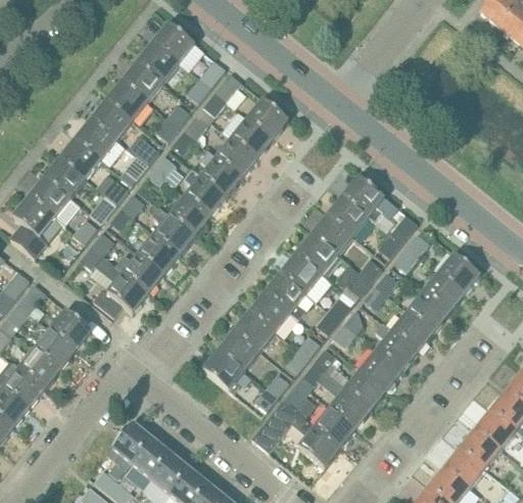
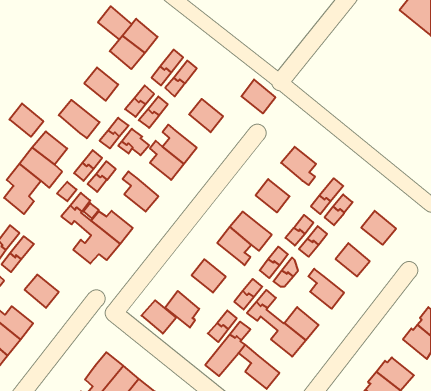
building: [121,62,161,102] -> [98,6,132,39]
building: [246,99,287,140] -> [241,79,275,113]
building: [90,101,131,141] -> none
building: [215,138,256,178] -> none
building: [59,139,100,179] -> [9,103,43,137]
building: [169,196,209,236] -> none
building: [326,196,367,236] -> none
building: [138,234,179,274] -> none
building: [295,235,336,275] -> none
building: [422,274,463,314] -> none
building: [249,292,290,332] -> none
building: [49,311,91,351] -> none
building: [391,312,432,352] -> none
building: [218,331,259,371] -> [141,300,176,334]
building: [18,349,59,388] -> none
building: [361,351,401,391] -> none
building: [314,408,354,448] -> none
building: [474,408,516,451] -> none

